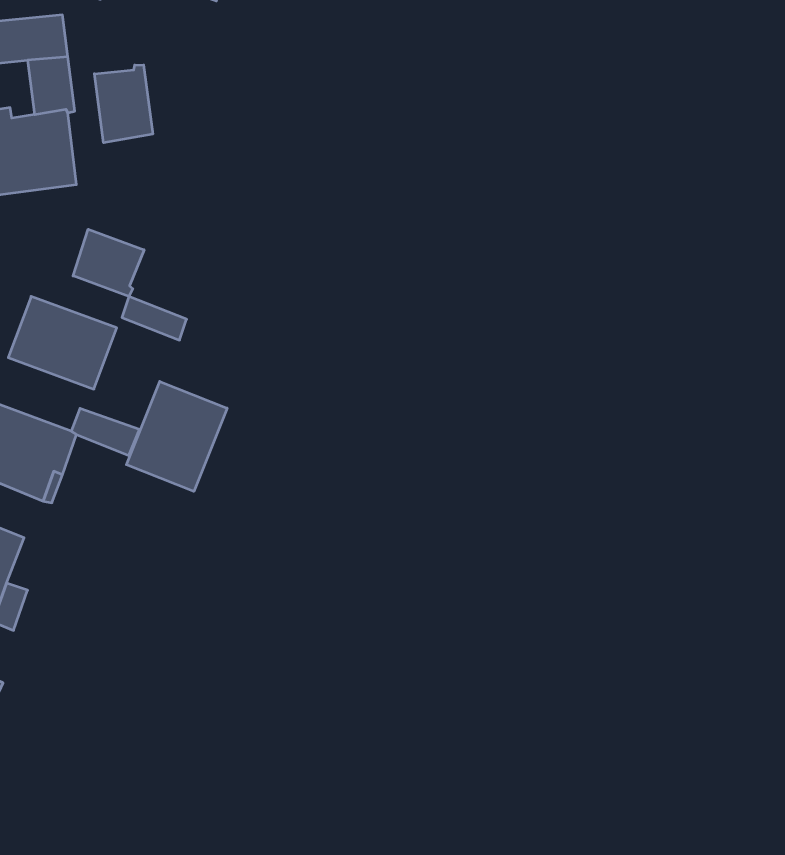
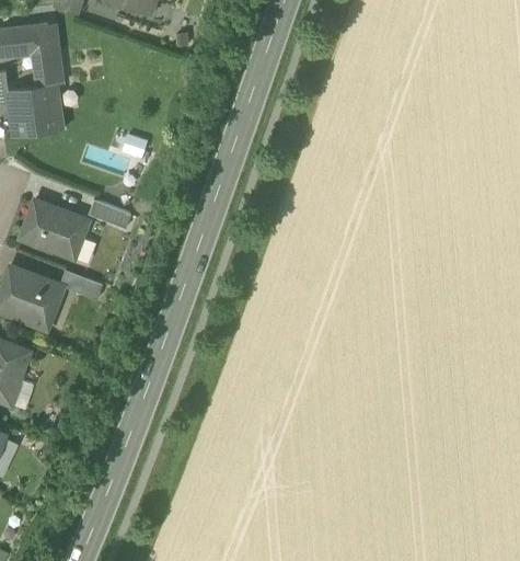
building: [94,65,153,143] -> none
building: [73,229,144,296] -> none
building: [126,381,227,491] -> none

